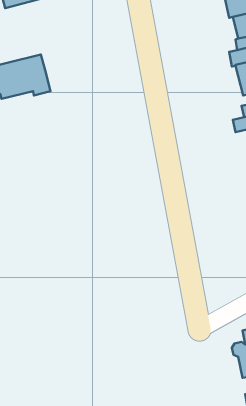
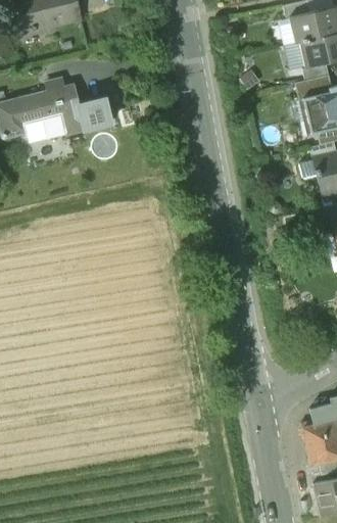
building: none -> [81,96,112,128]

